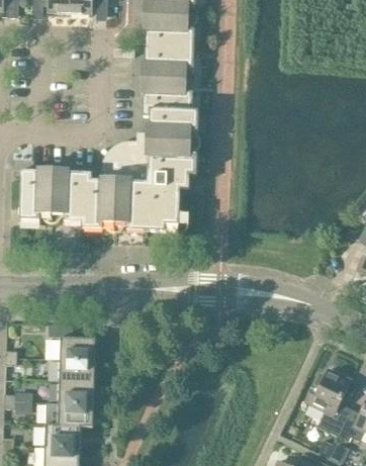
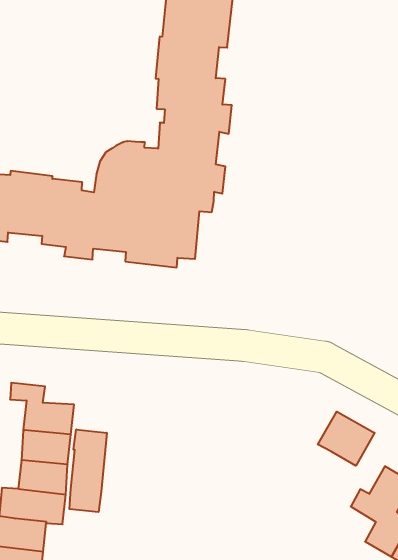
building: none -> [318,412,375,466]
building: none -> [69,429,107,512]

